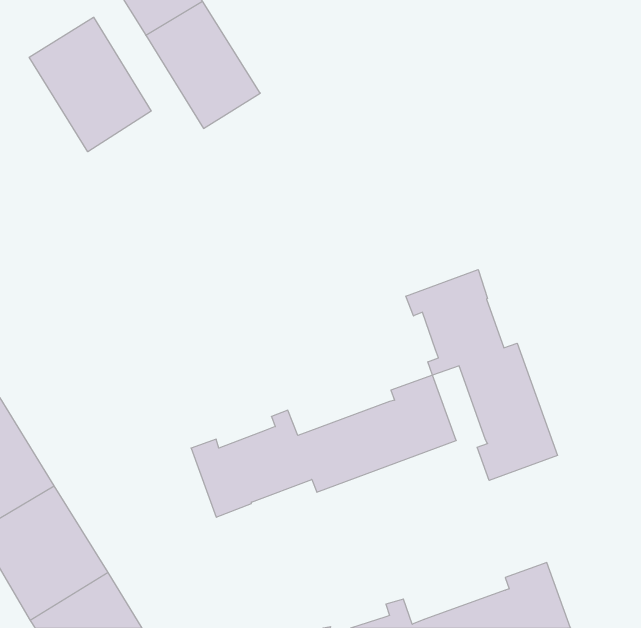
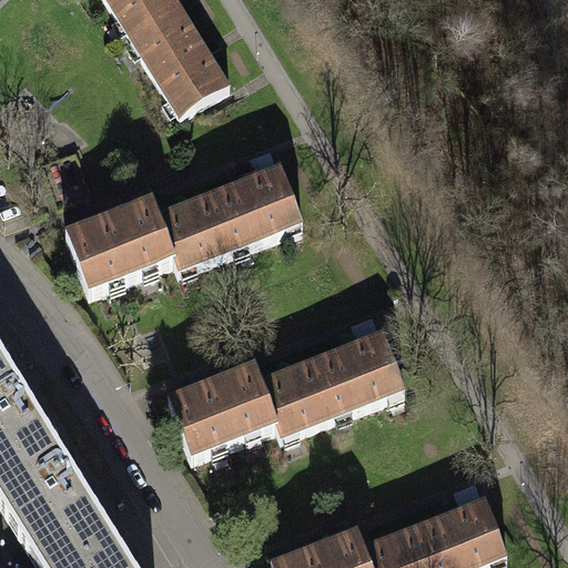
building: [29,17,151,152] -> none
building: none -> [67,164,301,290]
building: [406,270,558,480] -> none

